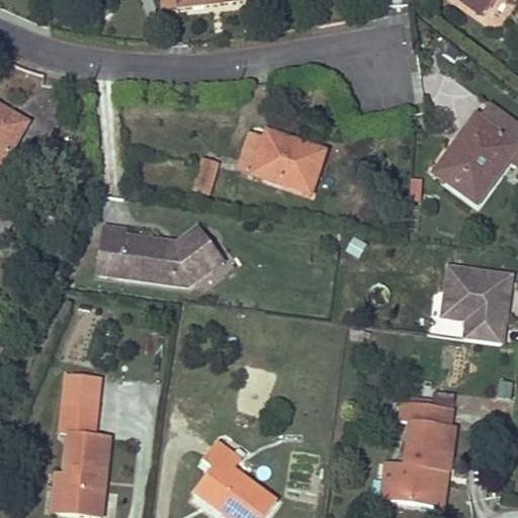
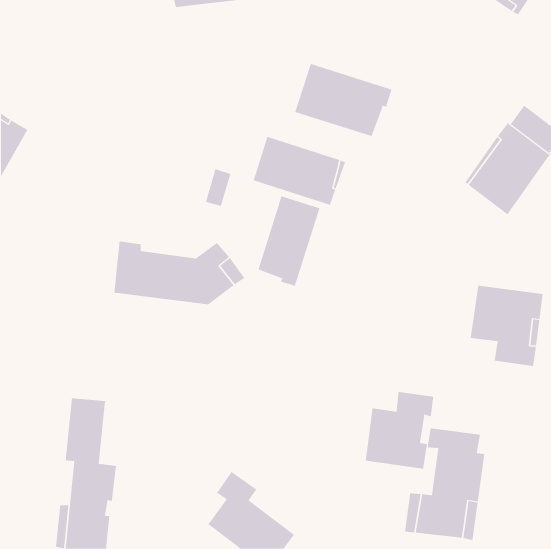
building: none -> [295,63,392,137]
building: none -> [258,195,320,286]
building: none -> [365,391,434,470]

